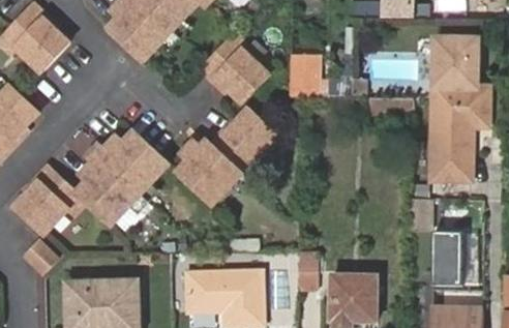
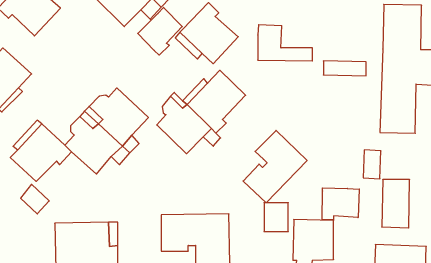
building: none -> [138,7,182,55]
building: none -> [243,130,307,203]
building: none -> [322,188,359,220]

